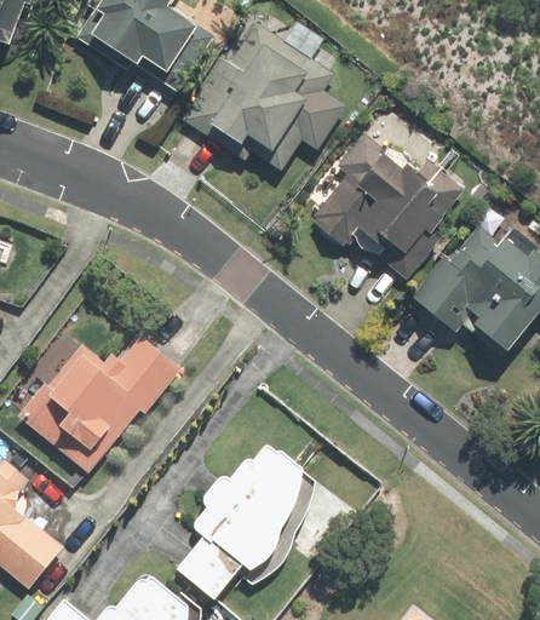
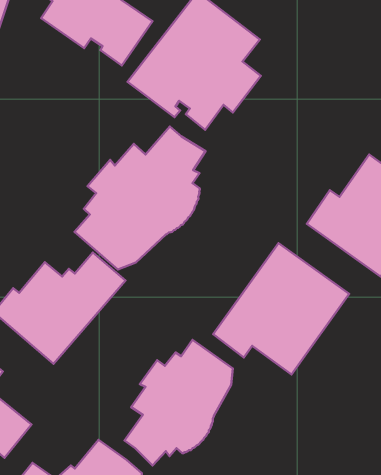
building: [304,131,465,271] -> none
building: none -> [74,127,206,269]
building: none -> [213,243,349,375]

